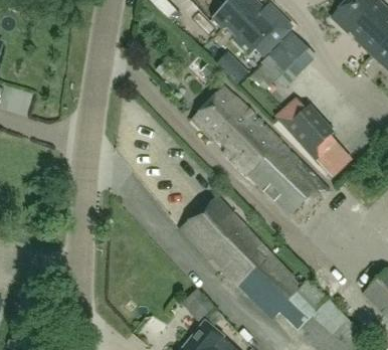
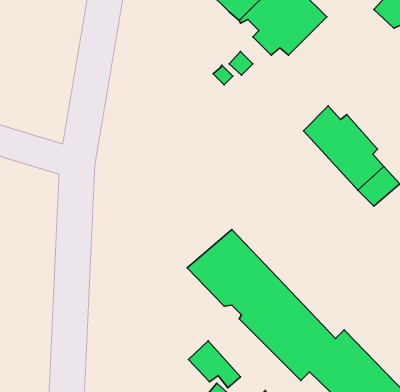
building: [249,31,316,89] -> none
building: [191,86,330,218] -> none

